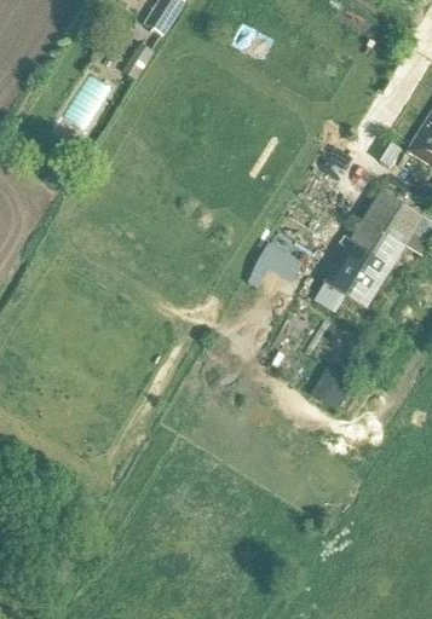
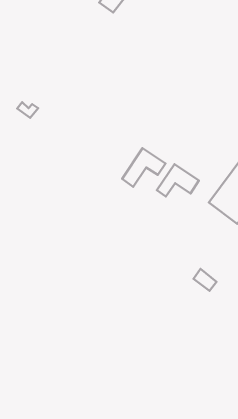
building: none -> [122,148,165,187]

